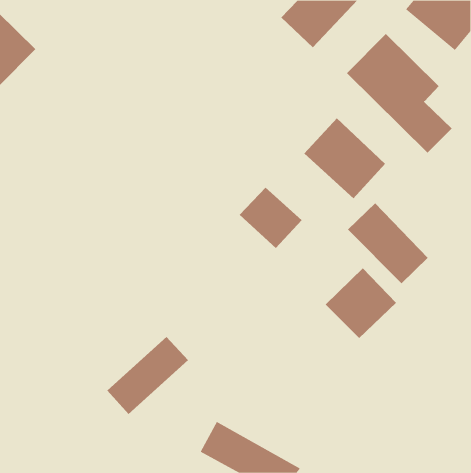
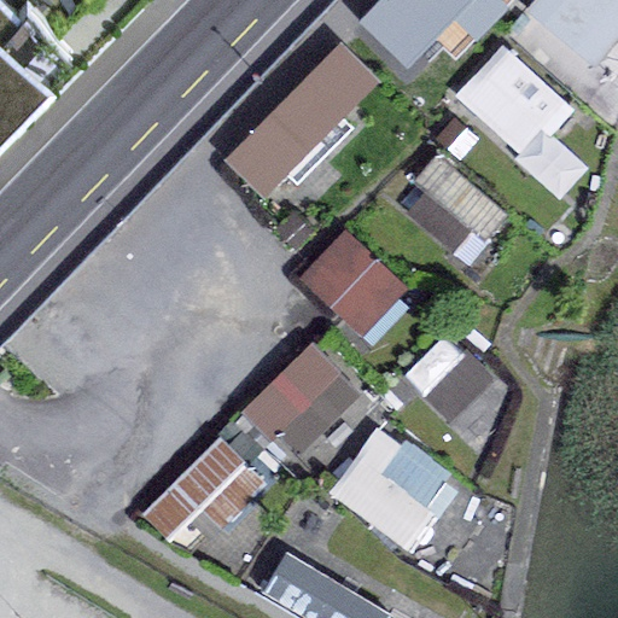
building: none -> [221,40,384,208]
building: [347,202,428,284] -> none
building: none -> [241,345,360,462]
building: none -> [332,431,456,549]

